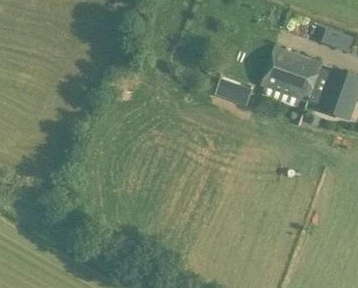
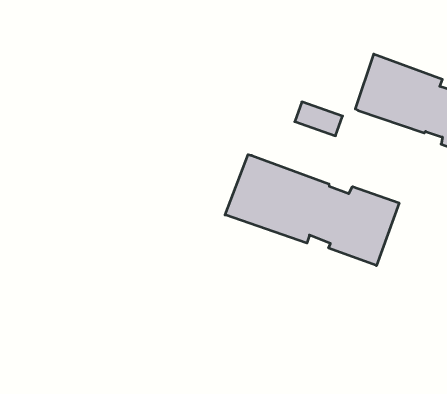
building: none -> [225,155,399,266]

